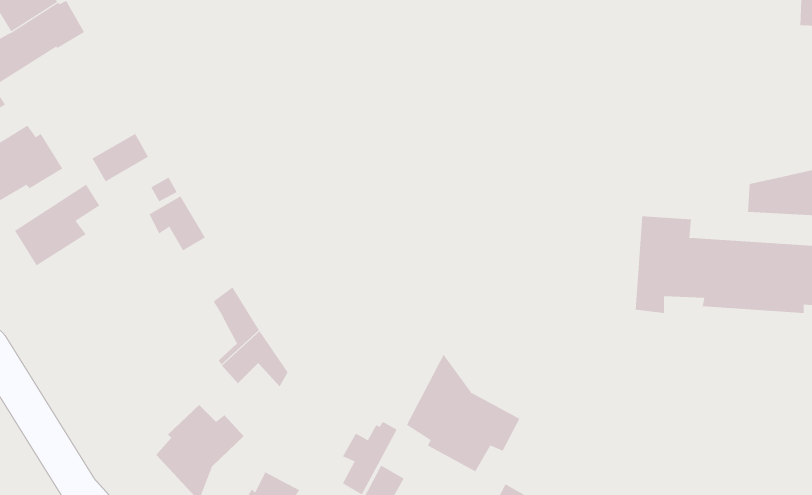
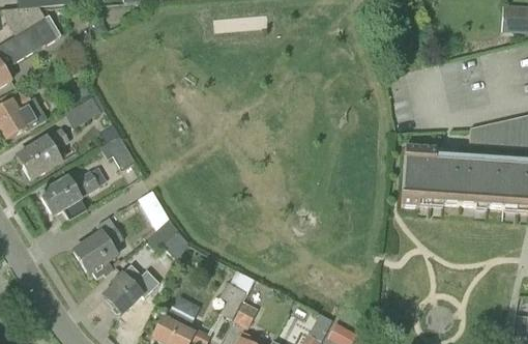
building: none -> [39,169,99,219]
building: none -> [74,218,123,278]
building: [406,354,520,472] -> none

